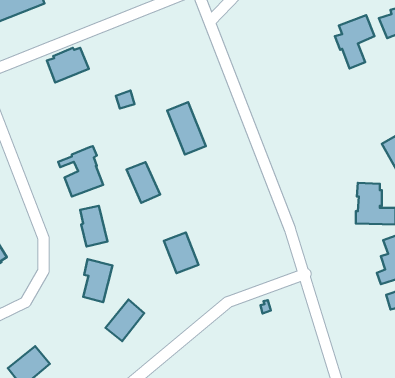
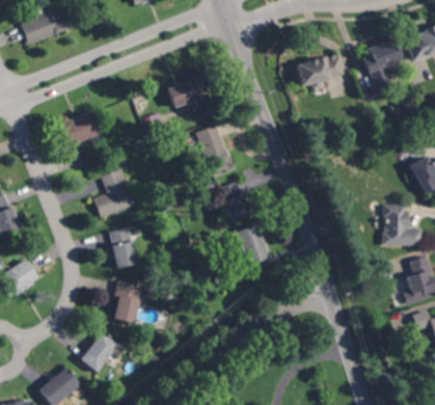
building: none -> [297,57,343,89]
building: none -> [166,71,209,107]
building: [47,48,89,82] -> [60,112,102,146]
building: [127,162,160,203] -> [218,182,251,222]
building: [164,232,198,273] -> [236,224,270,265]
building: [105,299,144,341] -> [80,331,118,373]

